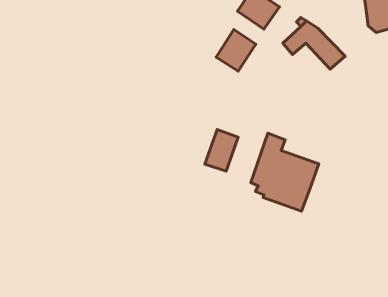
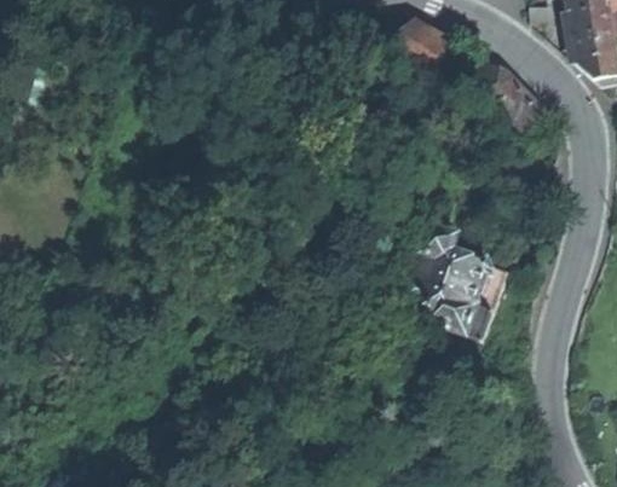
building: [216,30,256,71] -> none
building: [205,130,238,171] -> none

